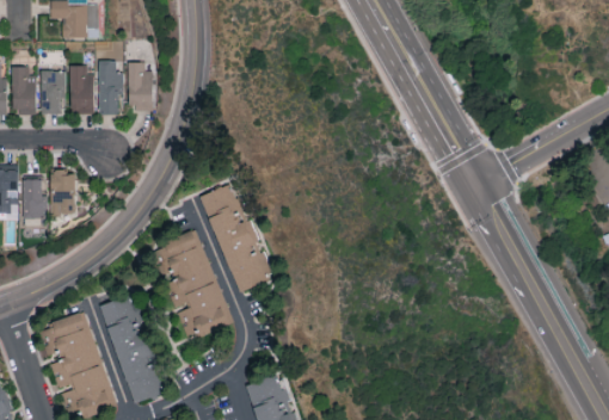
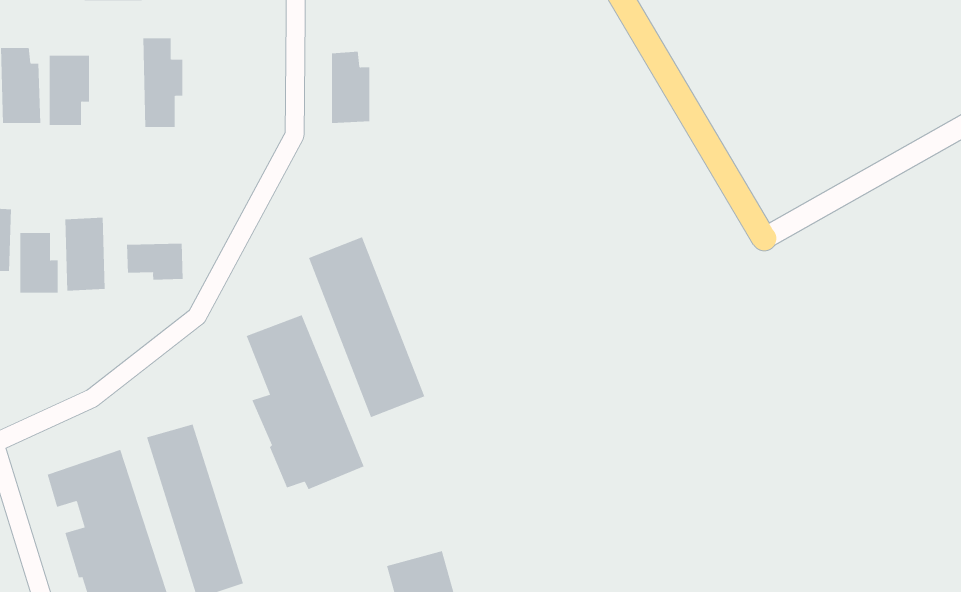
building: [128,62,152,106] -> [331,51,370,123]
building: [69,66,93,115] -> none
building: none -> [127,243,183,280]

